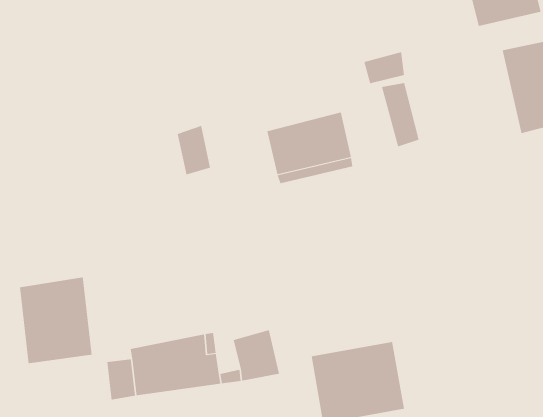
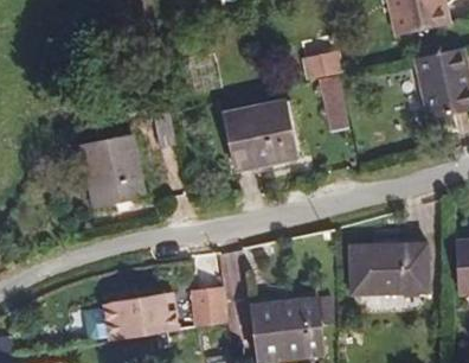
building: none -> [352,240,432,291]
building: [19,277,92,364] -> [81,140,140,210]

